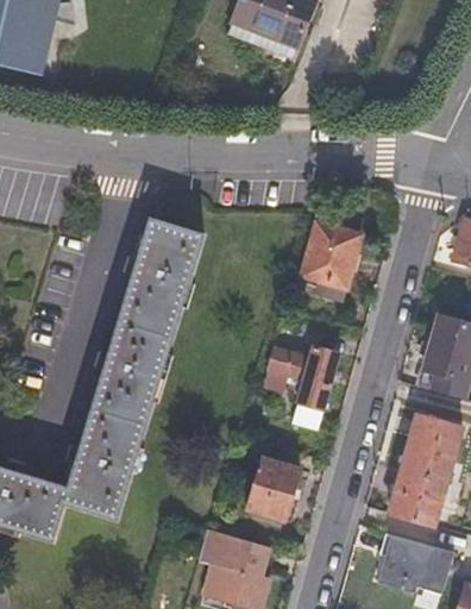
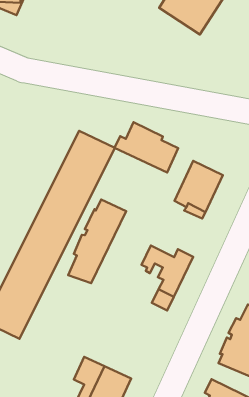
building: none -> [115,122,178,172]
building: none -> [68,199,126,283]
building: [245,453,299,516] -> none

